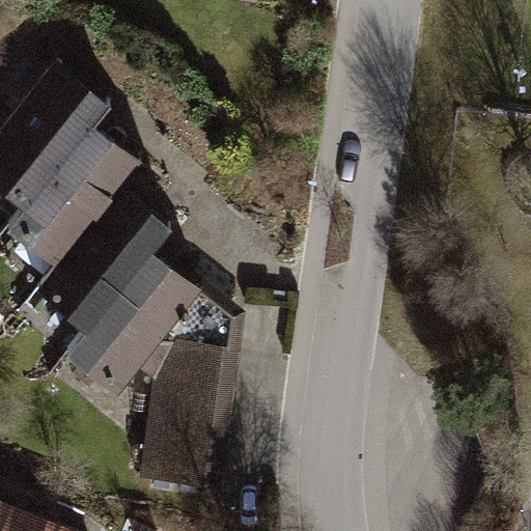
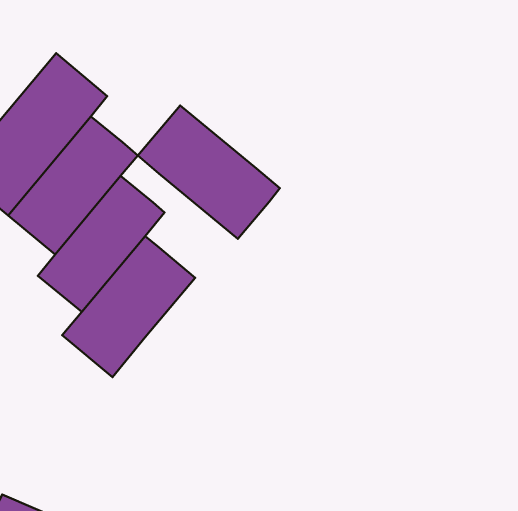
building: none -> [138,106,280,239]
building: [131,294,242,488] -> none

